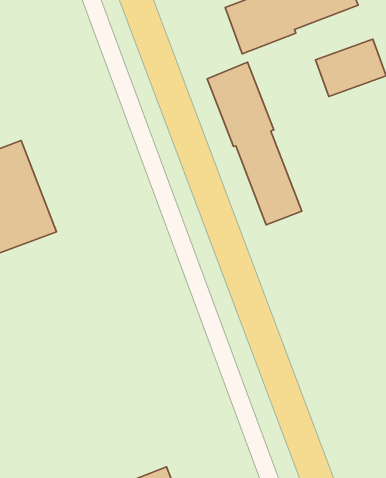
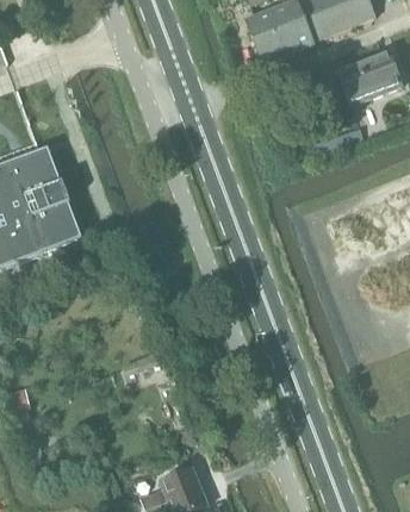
building: [207,62,302,225] -> none

